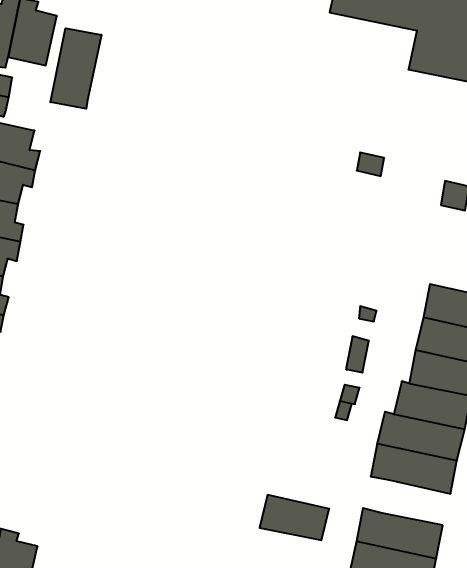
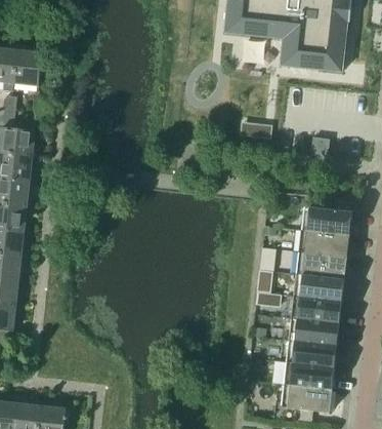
building: [50,28,101,109] -> none
building: [260,495,329,540] -> [292,341,337,367]

